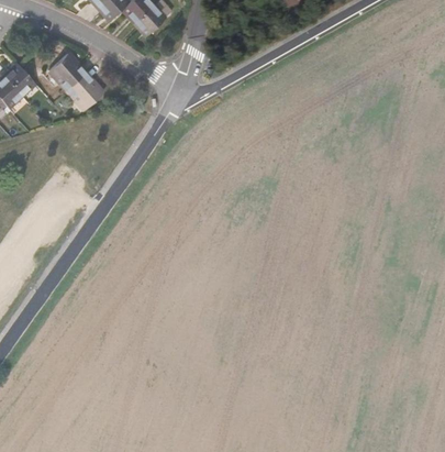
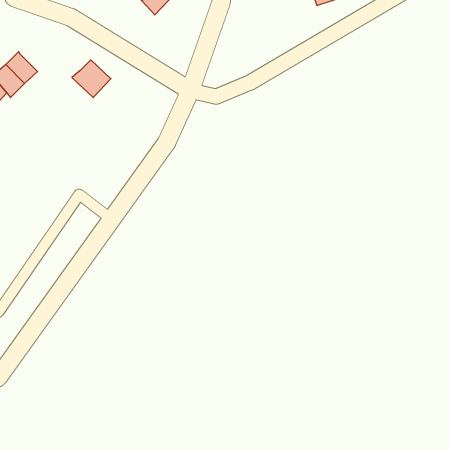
building: [51,53,87,88] -> none

